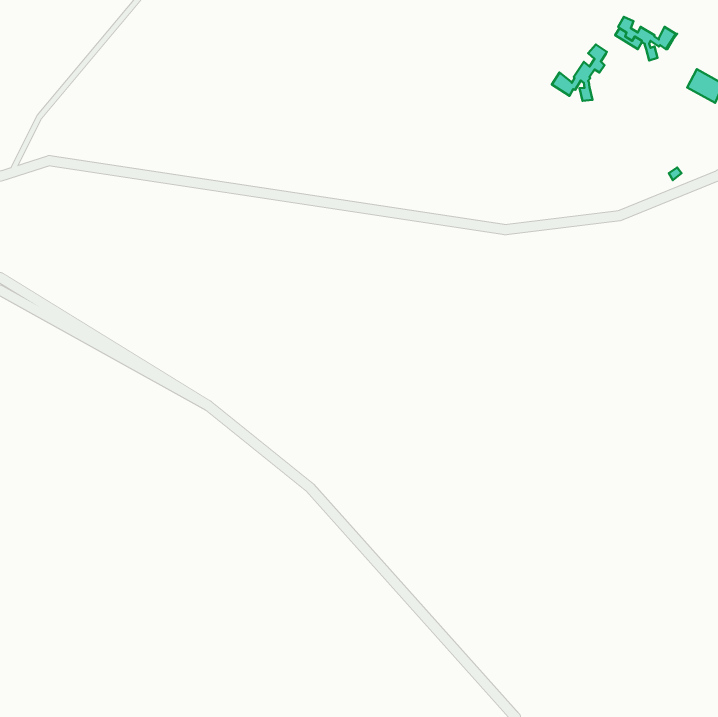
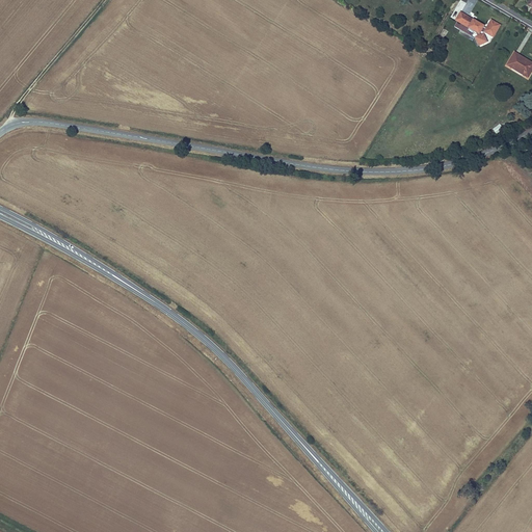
building: [552,44,607,101] -> none

